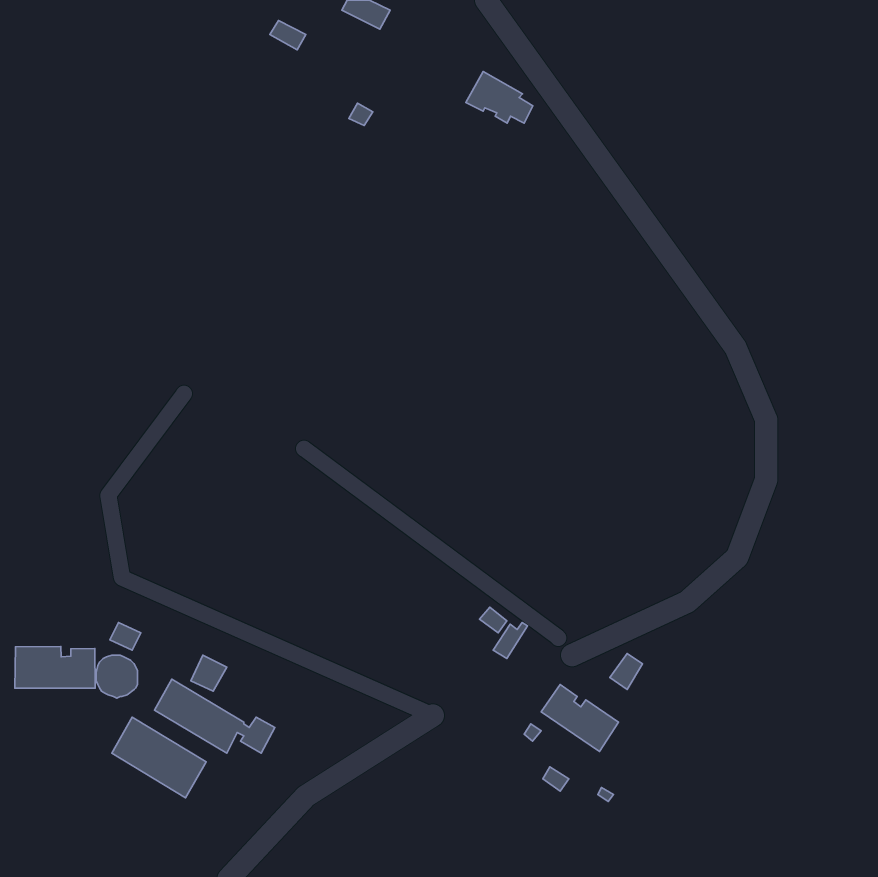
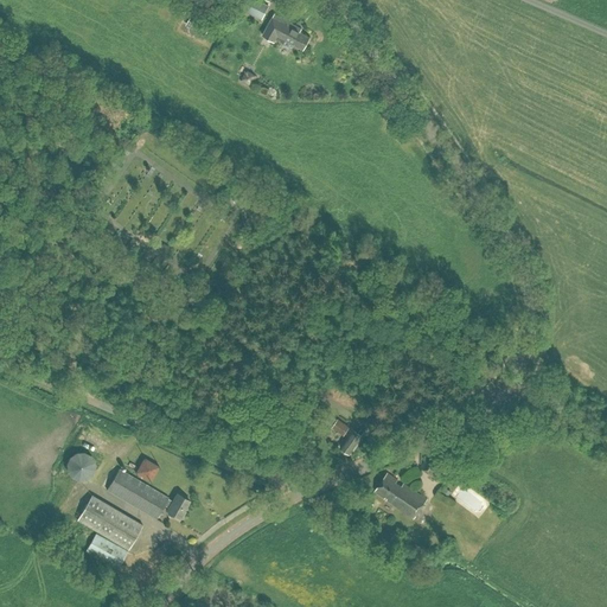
building: [466,72,533,123] -> [263,15,309,51]
building: [15,646,95,688] -> none
building: none -> [85,535,127,569]

